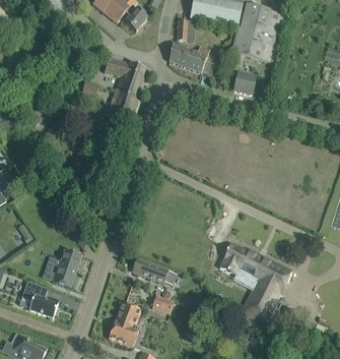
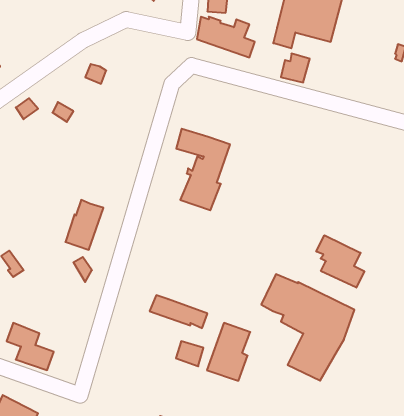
building: [105,56,146,119] -> [176,129,230,210]
building: none -> [316,235,364,288]
building: [52,248,81,287] -> [65,200,103,250]
building: [108,301,141,346] -> [207,323,250,381]

